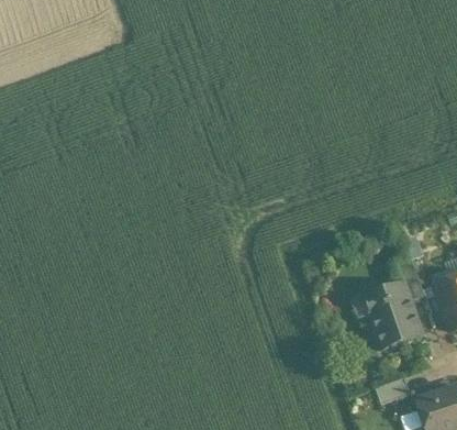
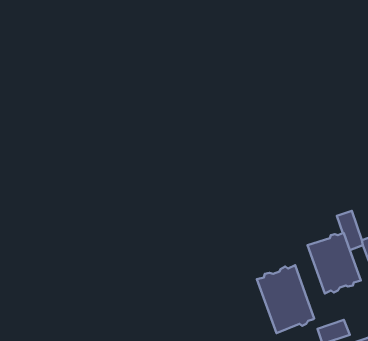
building: none -> [257,265,314,333]

